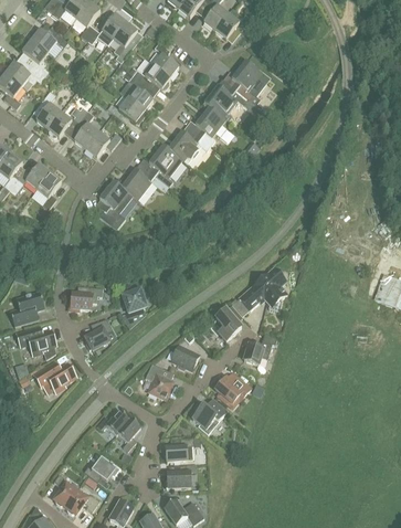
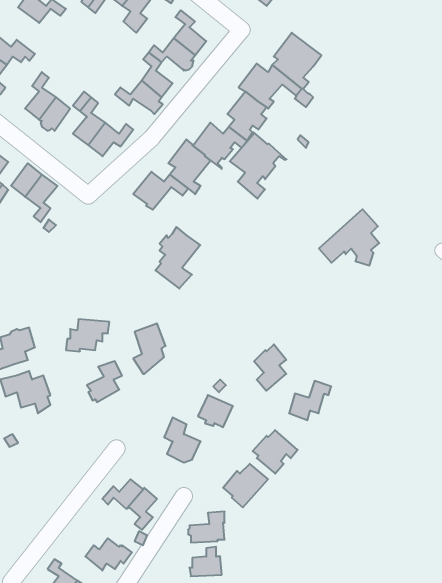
building: [21,39,48,75] -> none
building: none -> [230,132,287,199]
building: [96,179,131,228] -> [155,227,200,289]
building: [239,266,286,310] -> [319,209,379,266]
building: [33,360,75,391] -> none

